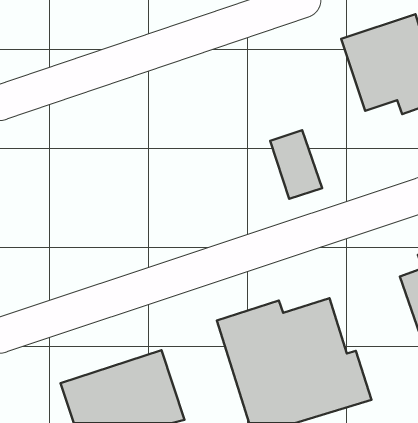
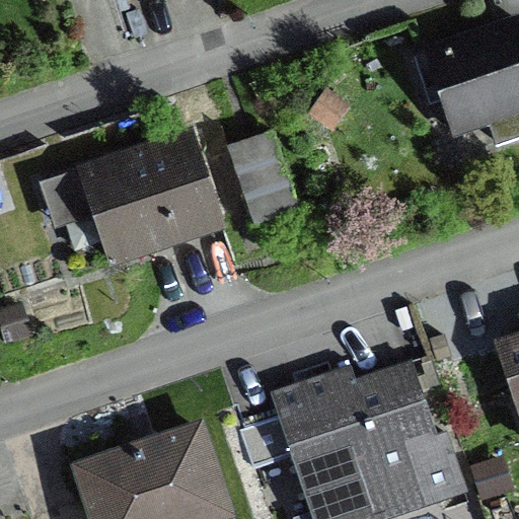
building: none -> [75,130,222,265]
building: [270,130,322,199] -> [234,138,298,222]

